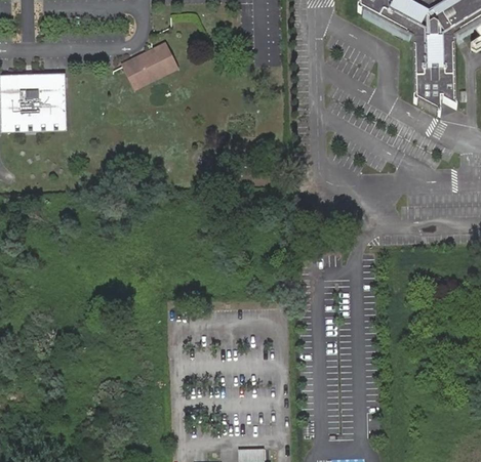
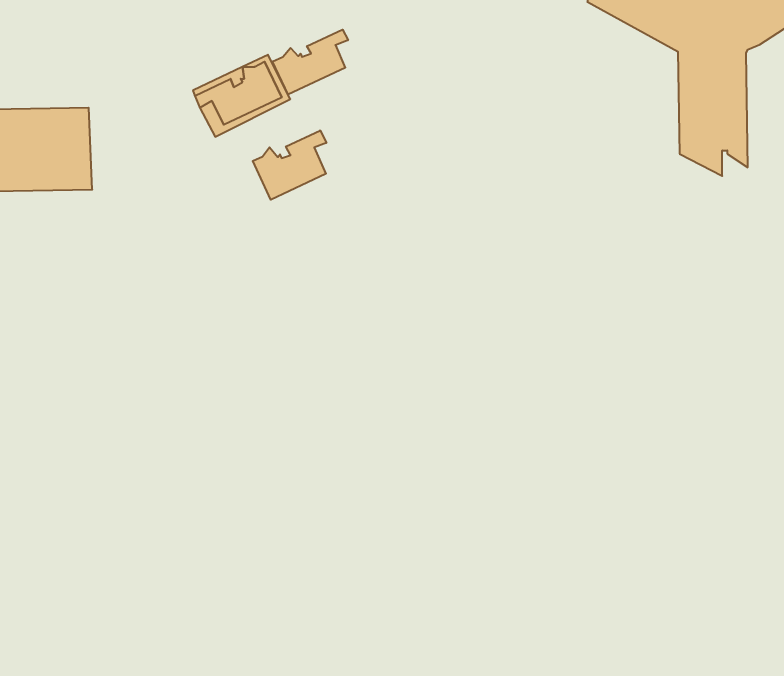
building: none -> [273,30,348,95]
building: none -> [253,130,326,200]

